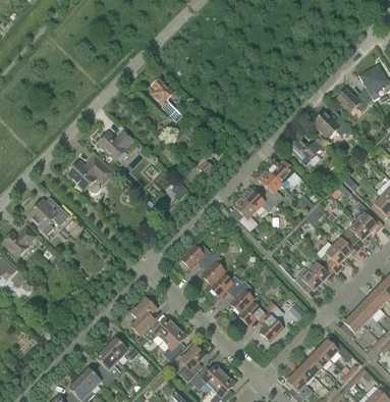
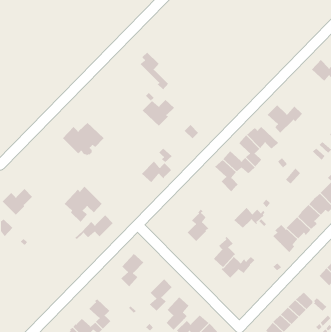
building: [313,111,351,138] -> none
building: [98,131,133,160] -> [142,99,175,127]
building: [27,196,69,236] -> [64,186,102,223]
building: [180,245,214,269] -> [141,161,172,183]
building: [210,273,244,297] -> [234,207,266,229]
building: [260,305,284,342] -> none
building: [134,316,177,344] -> [74,215,114,240]
building: [105,338,140,360] -> none

